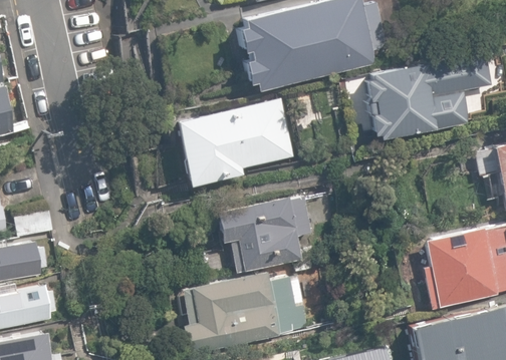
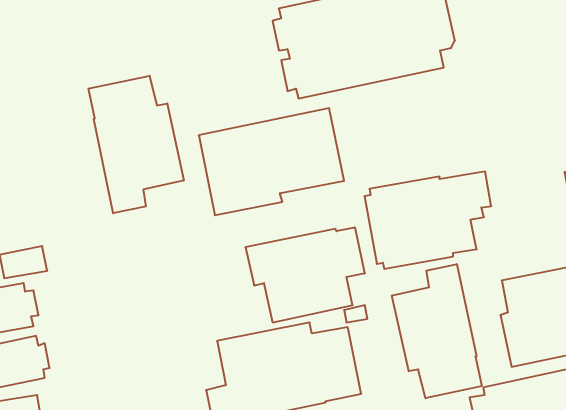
building: [363,61,467,140] -> [364,172,491,269]
building: none -> [89,76,184,213]
building: none -> [392,264,482,398]

